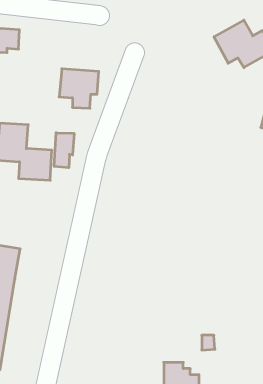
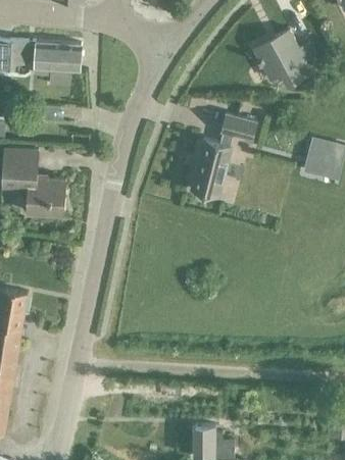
building: [59,69,99,108] -> [33,41,79,87]
building: none -> [188,113,255,197]
building: [54,133,74,168] -> none

